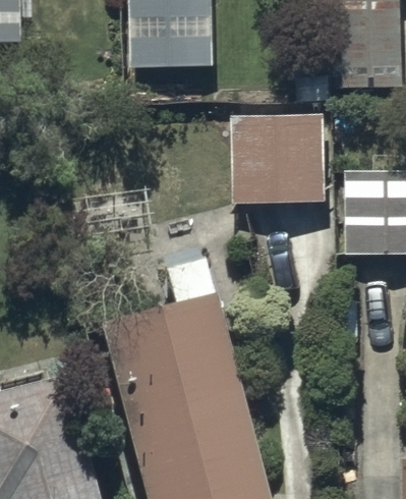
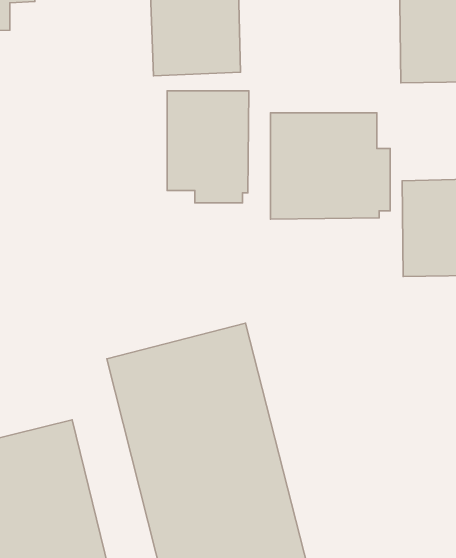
building: none -> [167,91,249,203]

